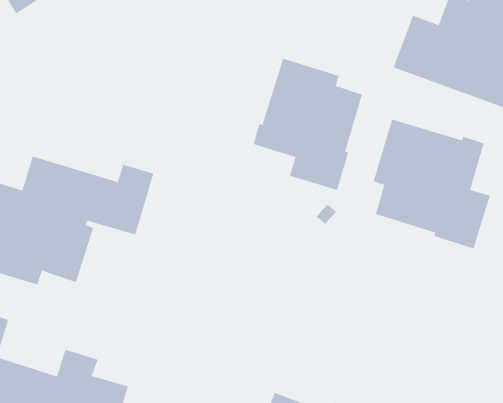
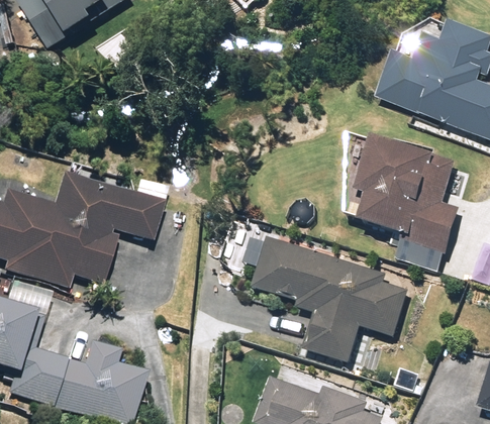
building: [253,58,363,191] -> none
building: none -> [222,219,407,362]

